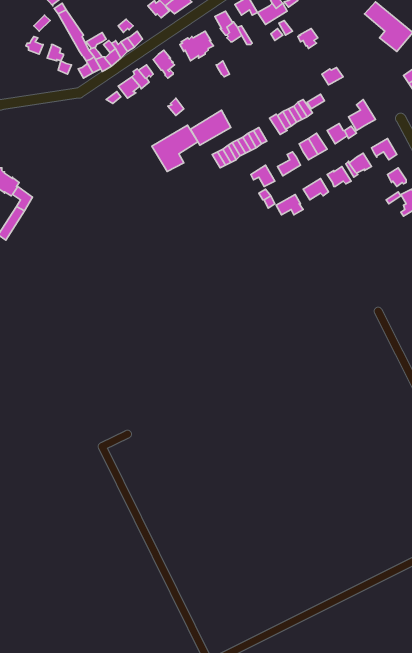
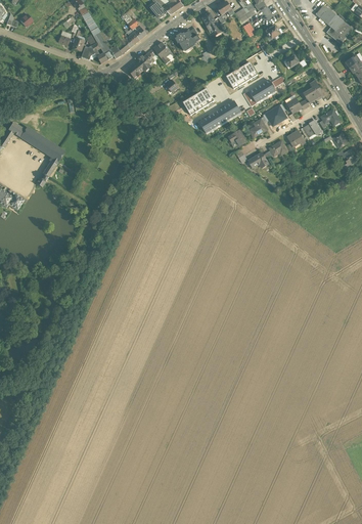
building: none -> [225,61,257,88]
building: [152,125,198,171] -> none

